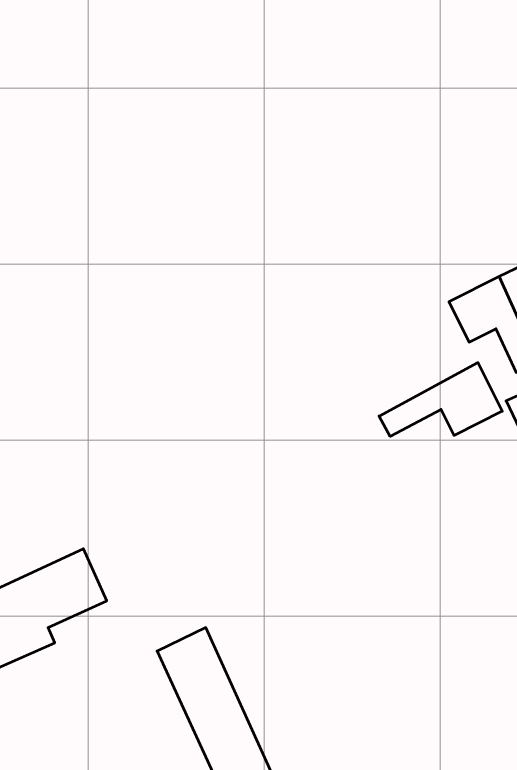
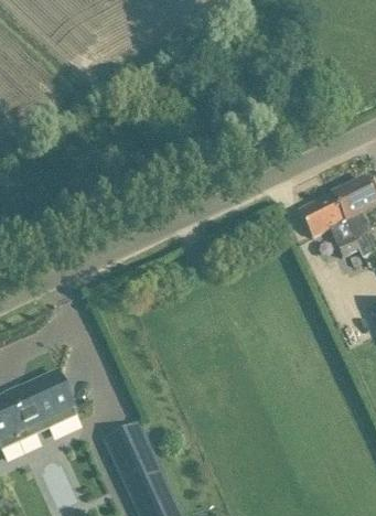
building: [379,363,502,436] -> none

